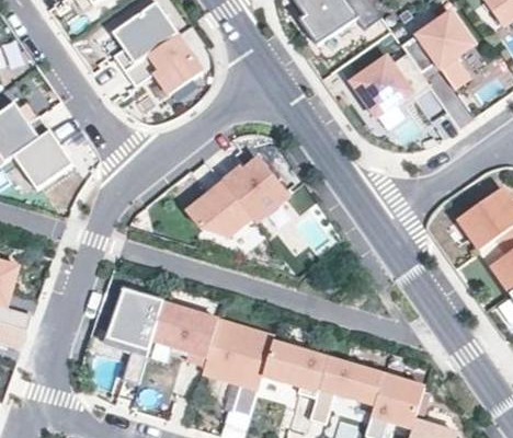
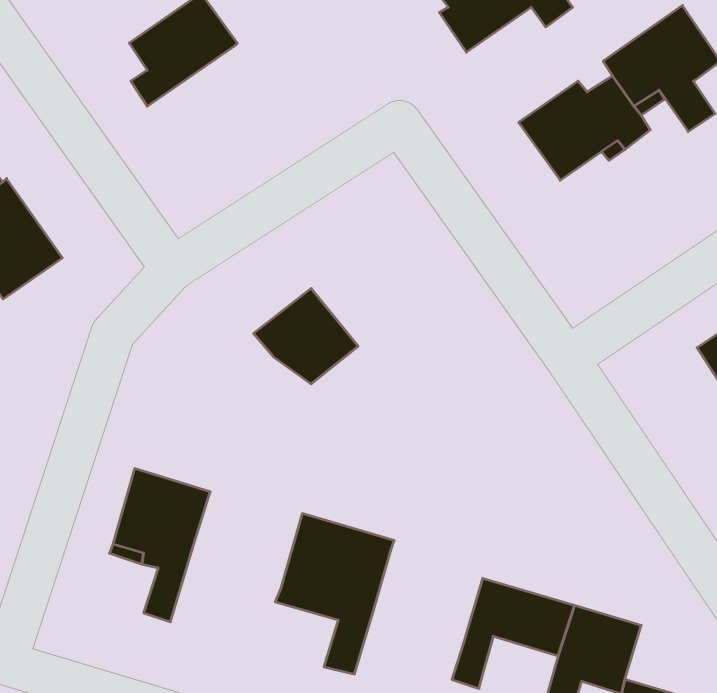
building: [124,33,203,94] -> none
building: [224,158,288,221] -> none
building: [151,301,218,364] -> none
building: [262,341,328,397] -> none

